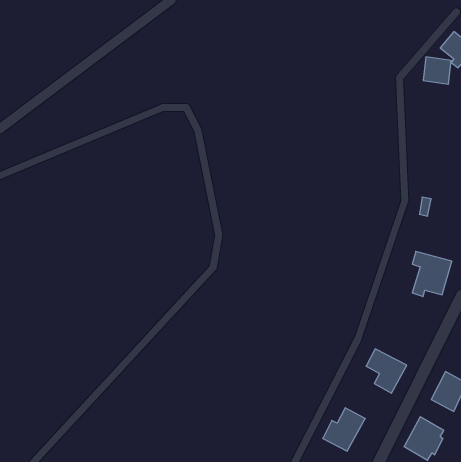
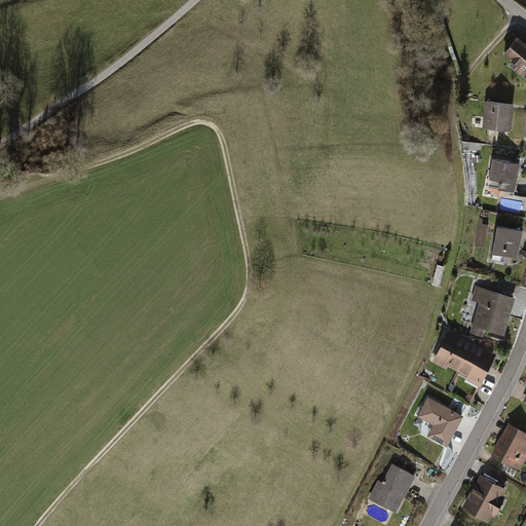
building: [423,57,451,84] -> [481,101,513,132]
building: none -> [489,159,519,193]
building: none -> [491,227,521,262]
building: none -> [430,331,496,387]

